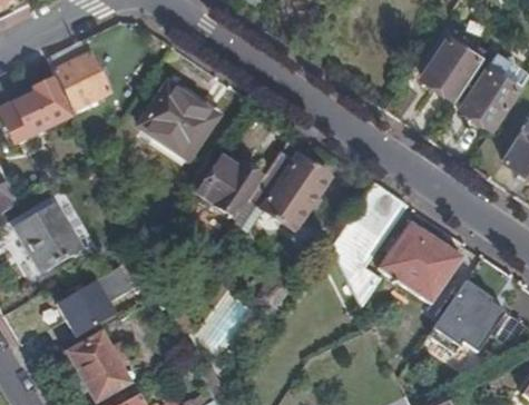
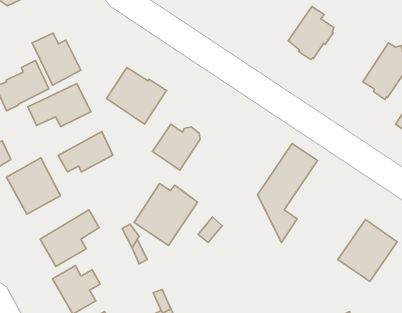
building: [423,31,481,98] -> [288,6,334,59]
building: none -> [28,83,91,127]
building: [248,152,329,230] -> [134,184,198,245]
building: none -> [58,132,113,172]
building: [379,224,461,304] -> none

